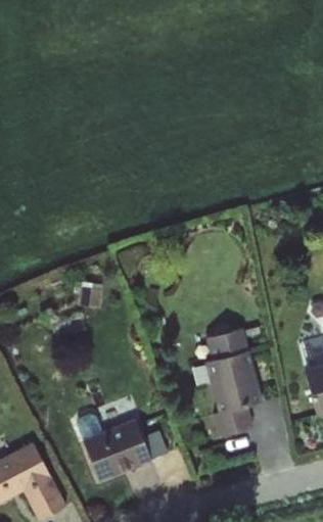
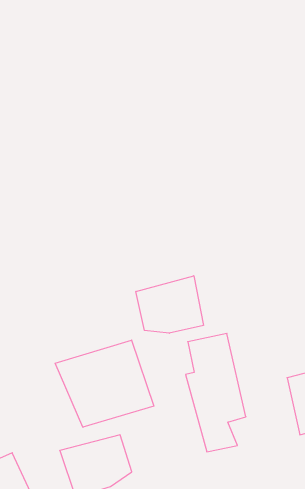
building: none -> [136,276,203,333]
building: none -> [55,340,154,427]

